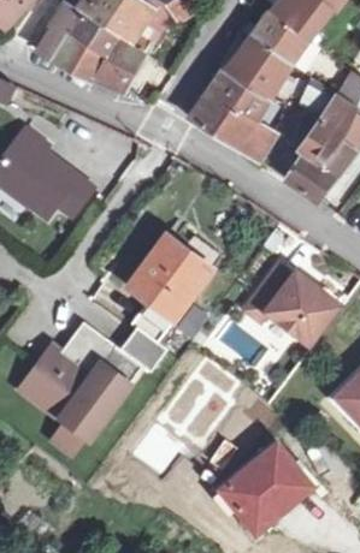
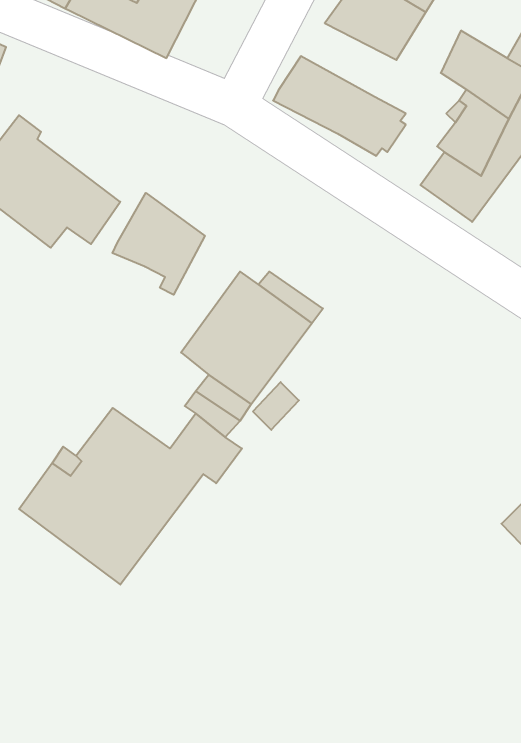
building: [206,71,268,119] -> none
building: none -> [112,193,205,295]
building: [246,266,342,346] -> none
building: [217,445,306,531] -> none

